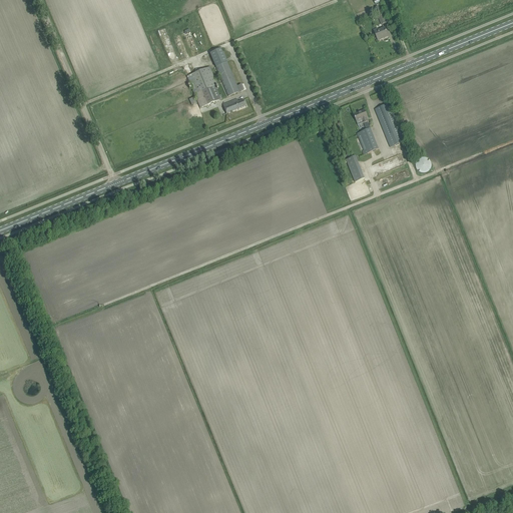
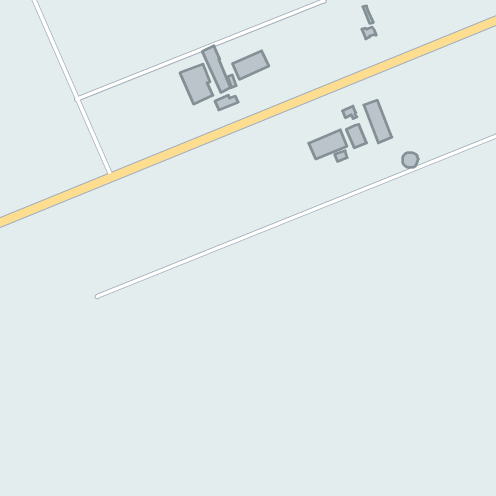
building: none -> [233,51,269,79]
building: none -> [309,130,347,159]

